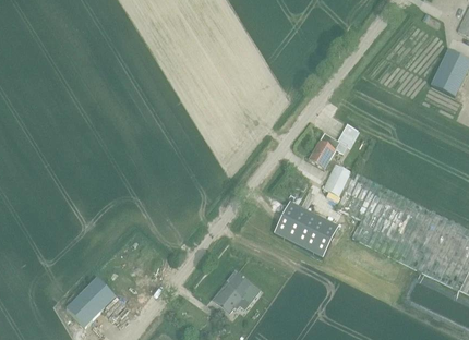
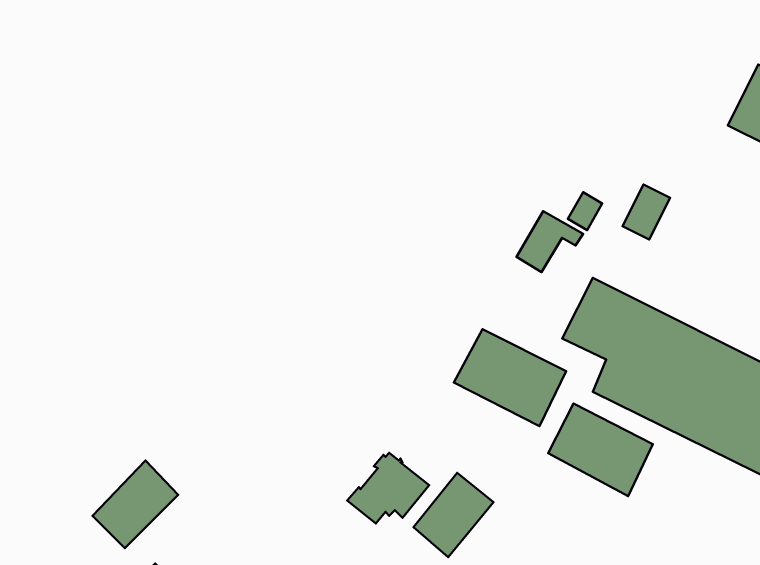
building: [324,165,351,196] -> [623,184,670,240]
building: none -> [548,404,653,496]
building: none -> [414,473,493,557]

